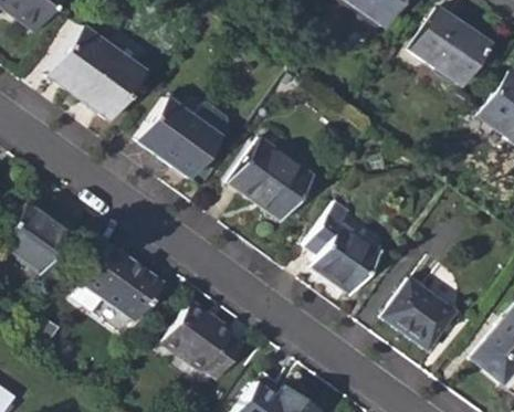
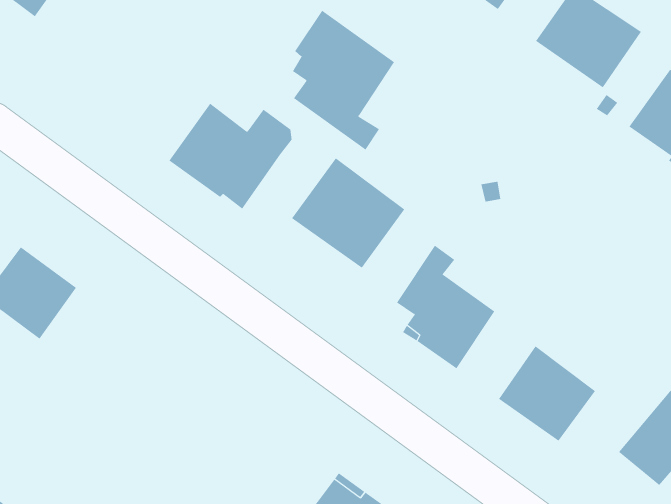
building: [51,25,146,119] -> none
building: none -> [292,10,395,150]
building: [75,244,166,321] -> none
building: [164,303,245,381] -> none

